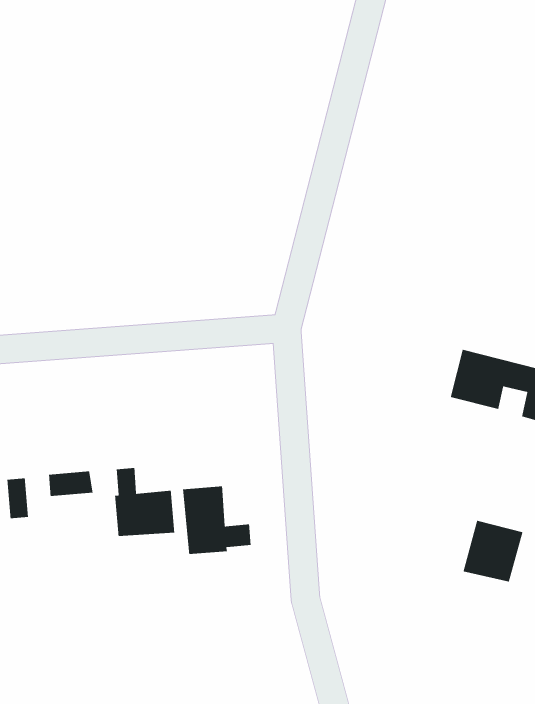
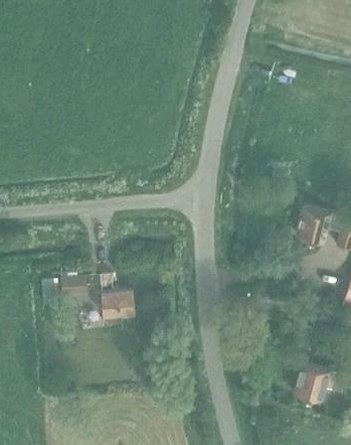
building: [182,486,252,555] -> none
building: [463,520,524,582] -> [294,366,329,403]

